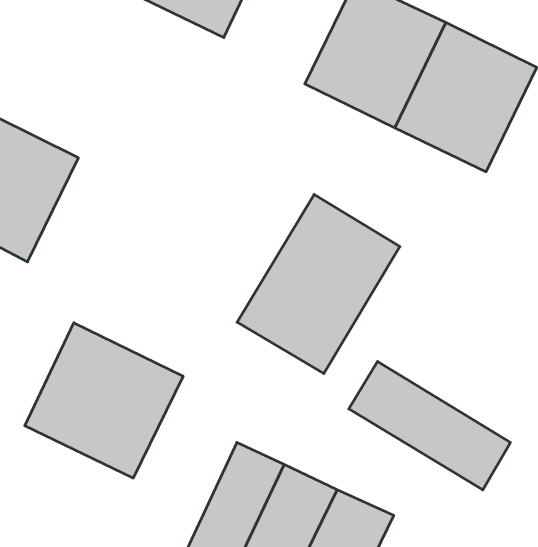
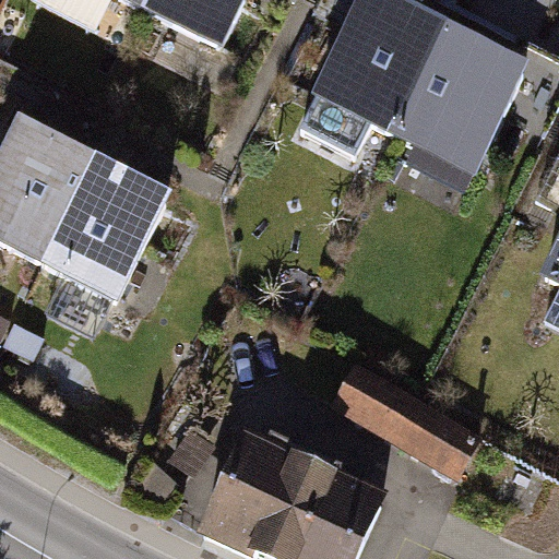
building: none -> [39,160,175,301]
building: [237,194,400,374] -> none
building: [25,323,183,478] -> none

